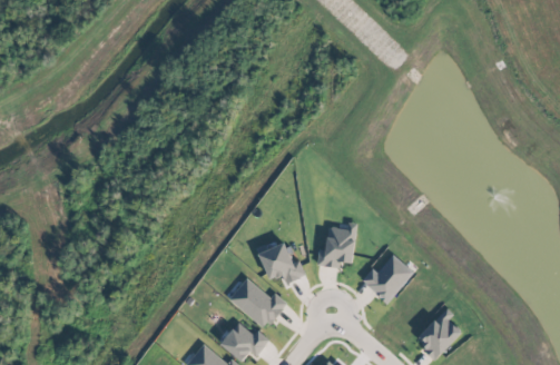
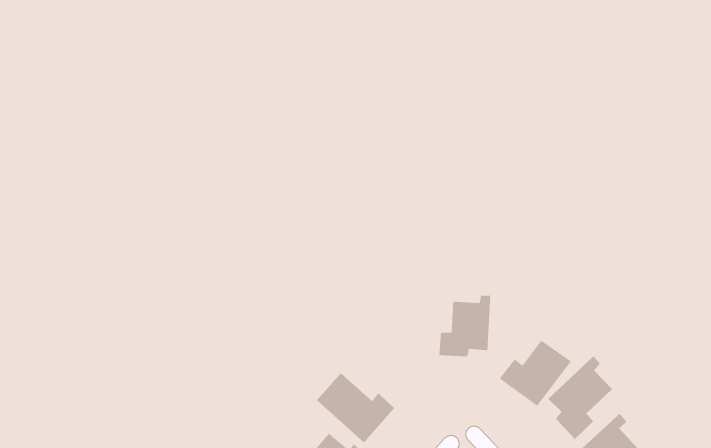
building: [257,243,304,284] -> none
building: none -> [548,355,613,440]

